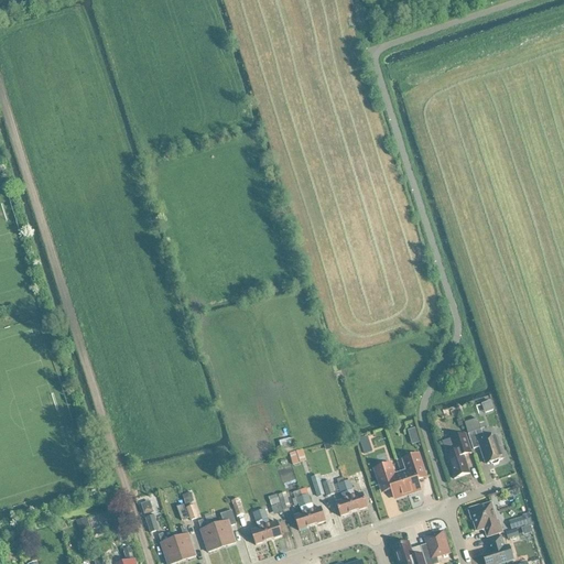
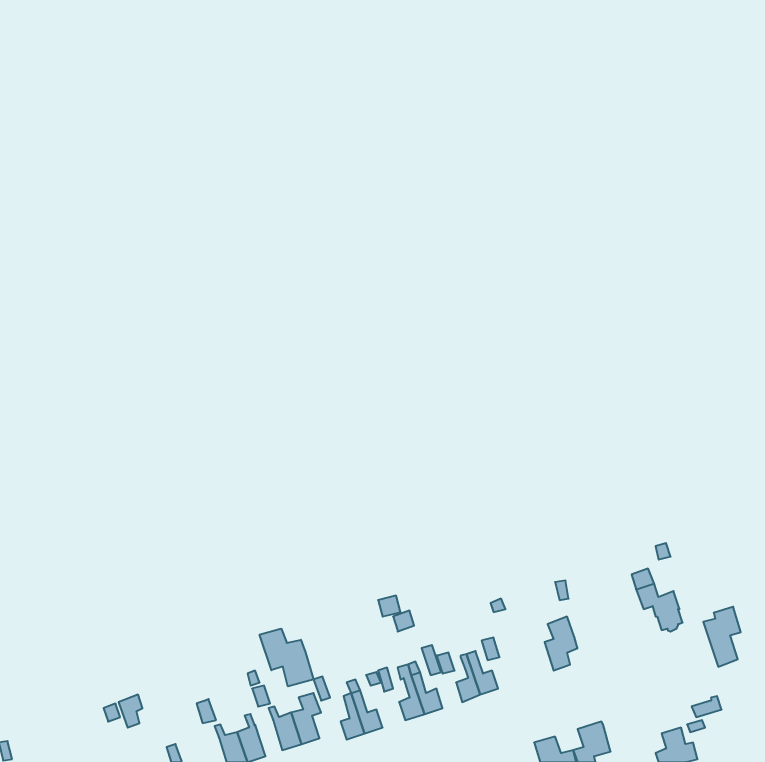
building: [443,433,470,477] -> [703,607,741,667]
building: none -> [260,629,314,686]
building: [375,463,406,497] -> none
building: [468,502,501,535] -> none

